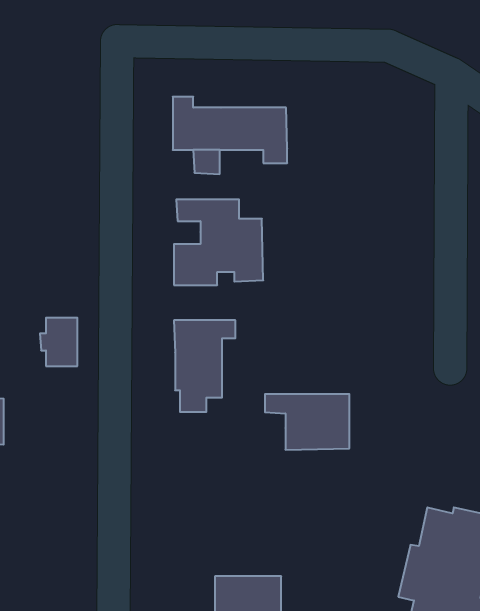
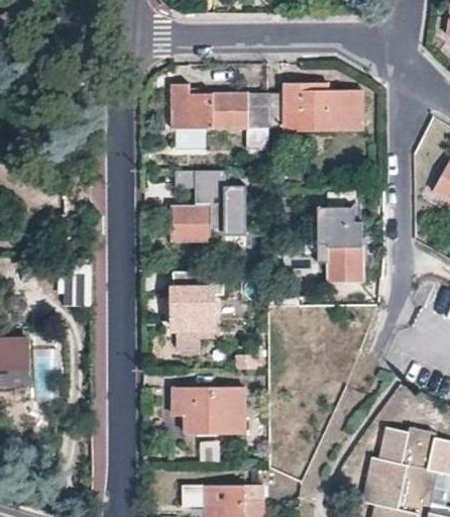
building: none -> [266,85,363,130]
building: none -> [318,196,363,284]
building: [265,394,349,450] -> [174,387,244,433]

